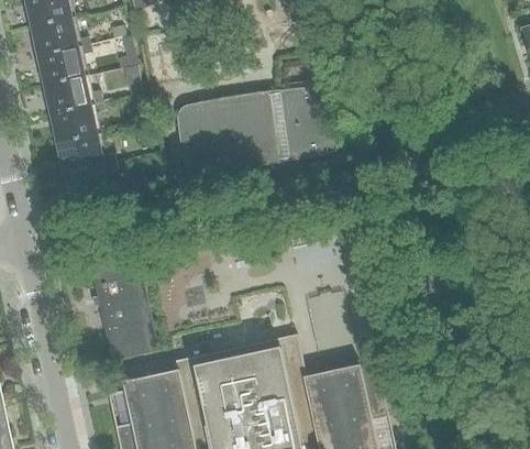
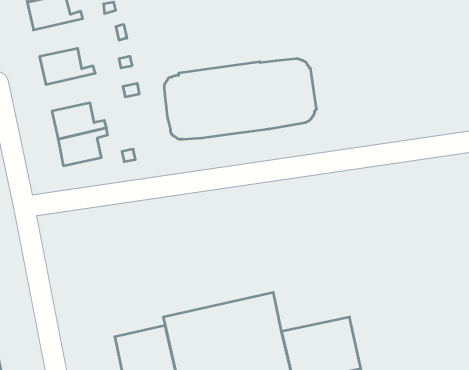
building: [36,43,90,84] -> none
building: [49,101,103,142] -> none
building: [90,261,158,361] -> none

